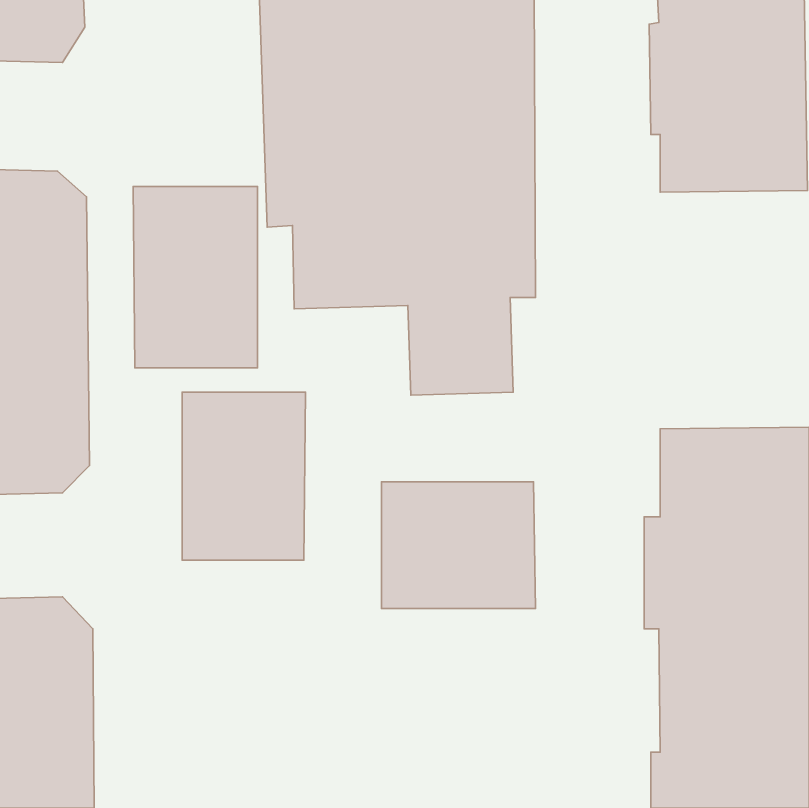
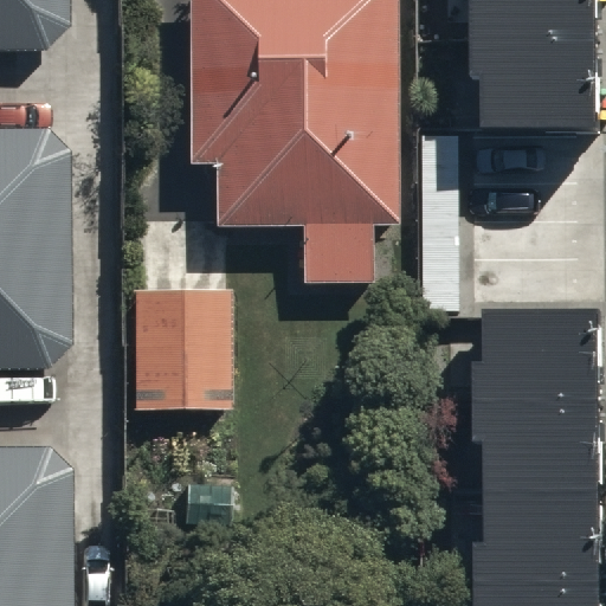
building: [133,186,258,368] -> none
building: [382,482,535,609] -> none

